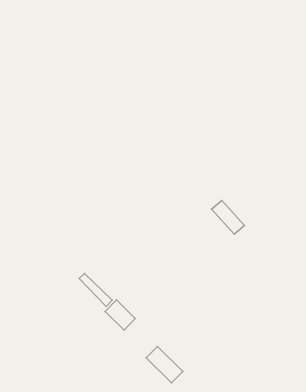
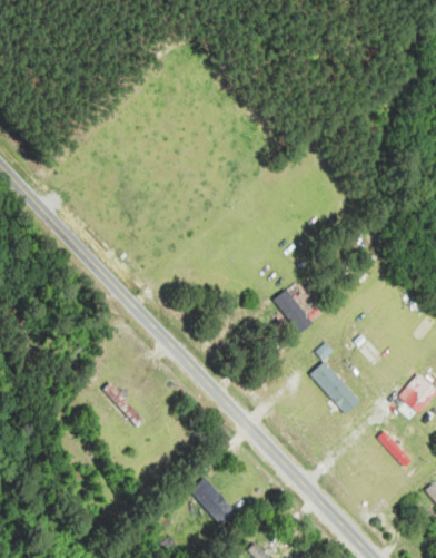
building: none -> [309,361,360,413]
building: [105,300,135,330] -> none

